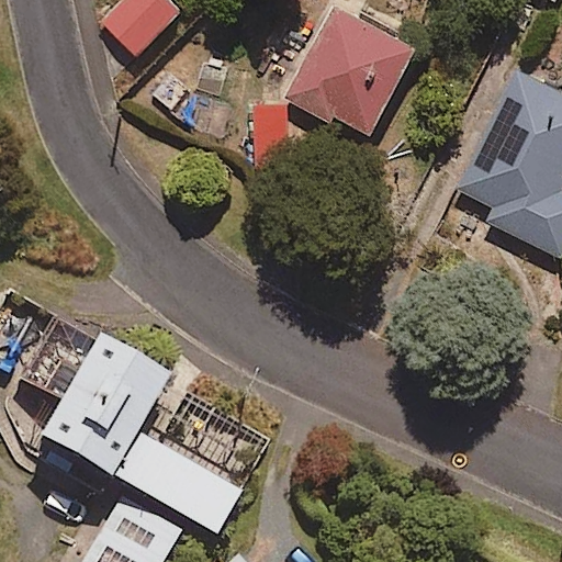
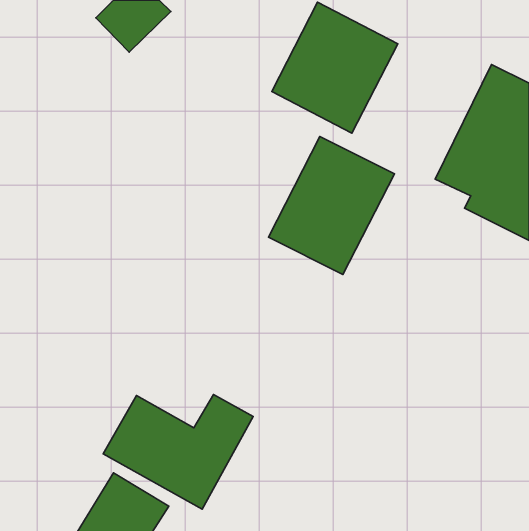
building: none -> [268,137,394,274]
building: [18,314,166,480] -> none

